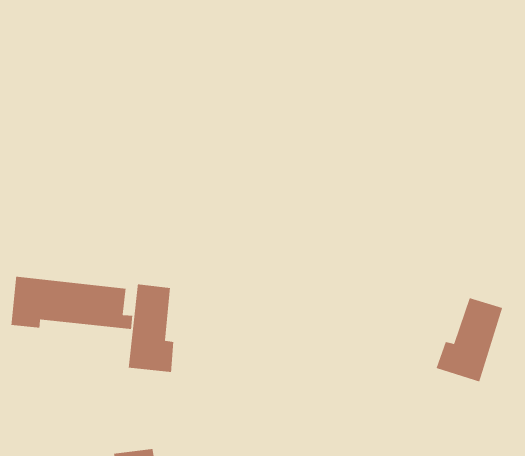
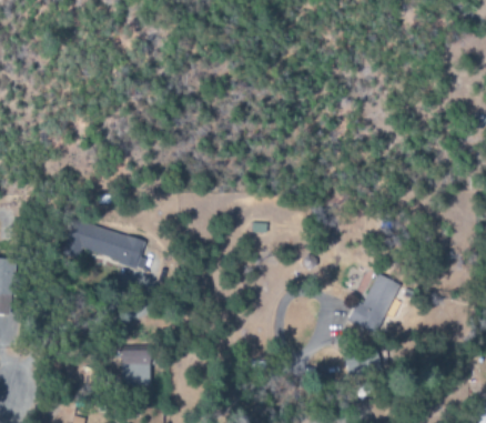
building: [128,283,174,373] -> none

